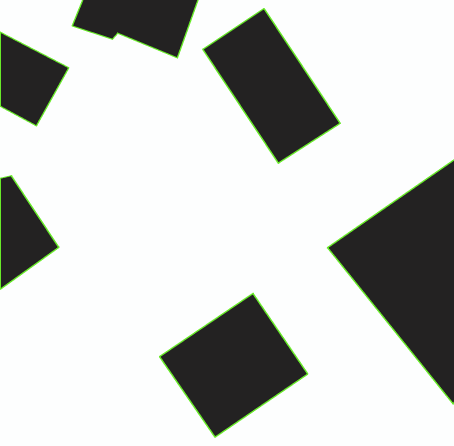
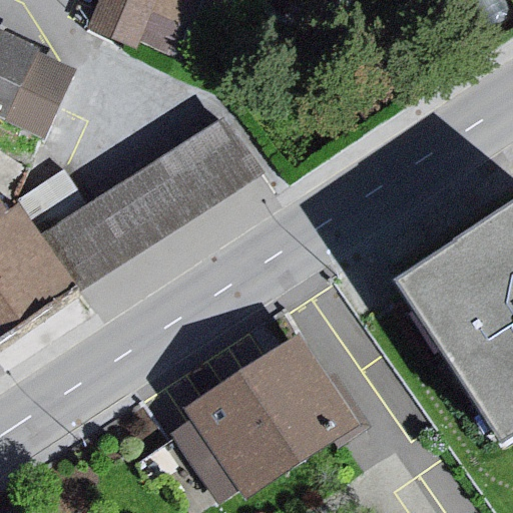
building: [203,9,340,163] -> none
building: none -> [52,111,279,301]

